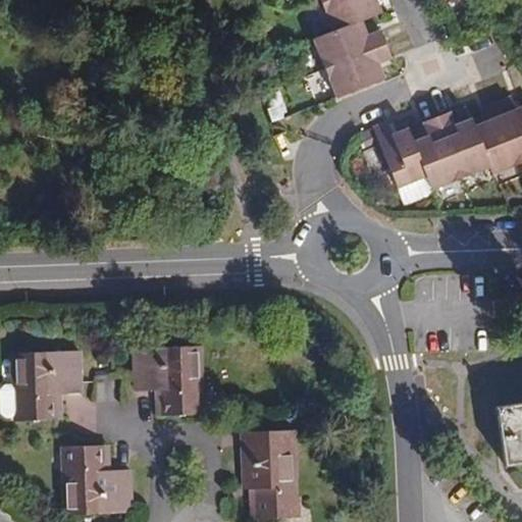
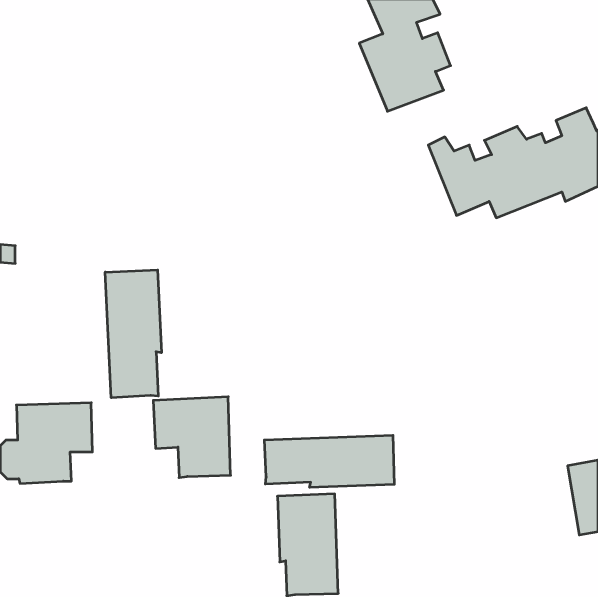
building: none -> [105,270,161,398]
building: none -> [264,435,394,487]
building: [65,445,133,514] -> none

